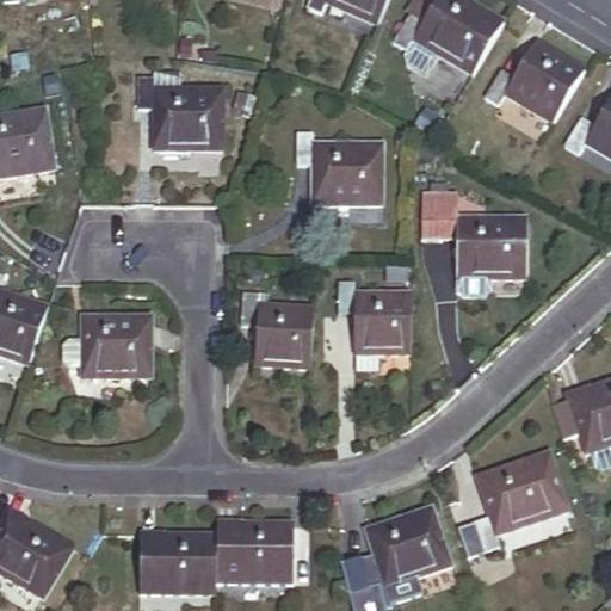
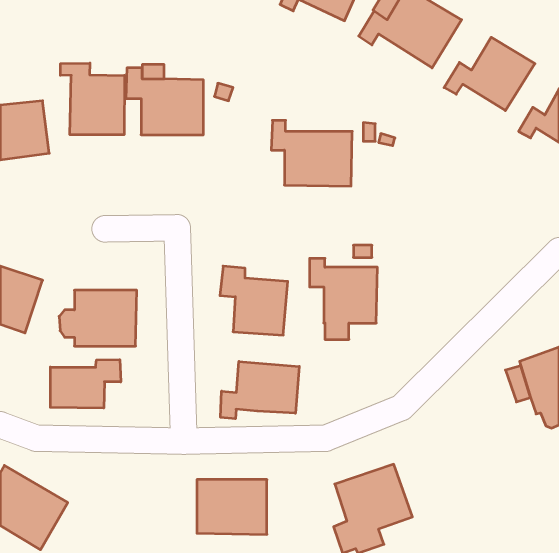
building: none -> [60,63,124,135]
building: [416,203,525,276] -> none
building: none -> [50,360,121,408]
building: none -> [221,361,299,419]
building: [458,451,567,556] -> none
building: [141,533,215,593] -> none

